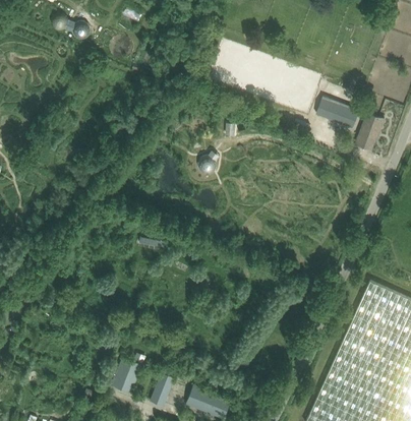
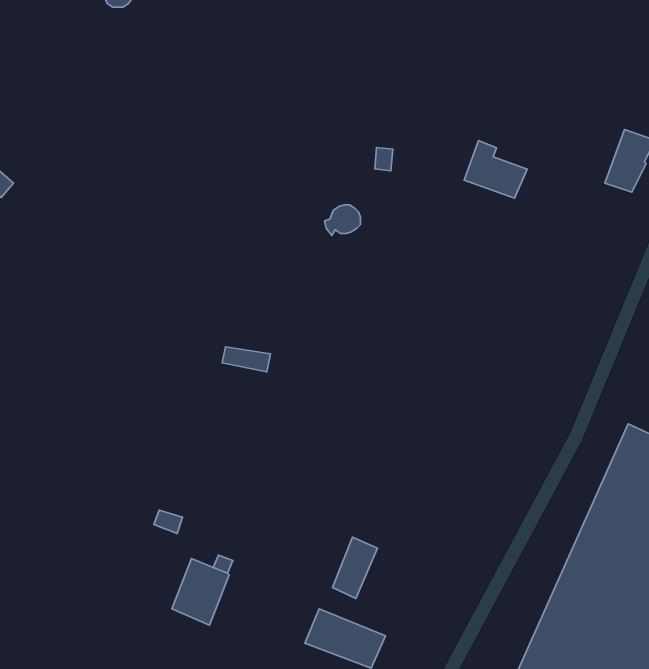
building: [322,97,358,129] -> [464,141,527,198]
building: [151,372,176,407] -> [333,537,377,598]

